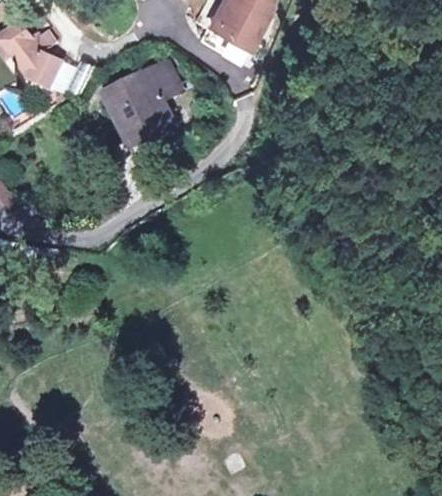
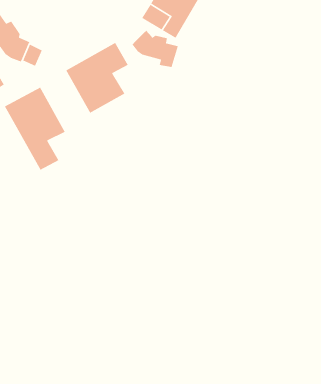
building: none -> [132,30,179,68]
building: none -> [4,86,66,171]

